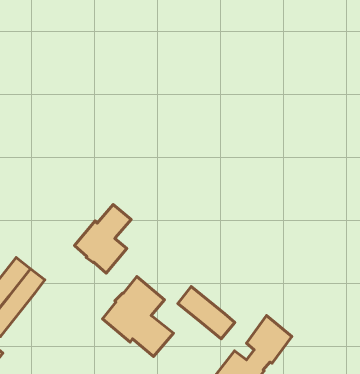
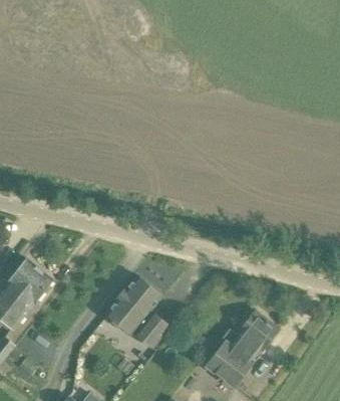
building: [75,204,131,273] -> none
building: [178,286,235,339] -> none

